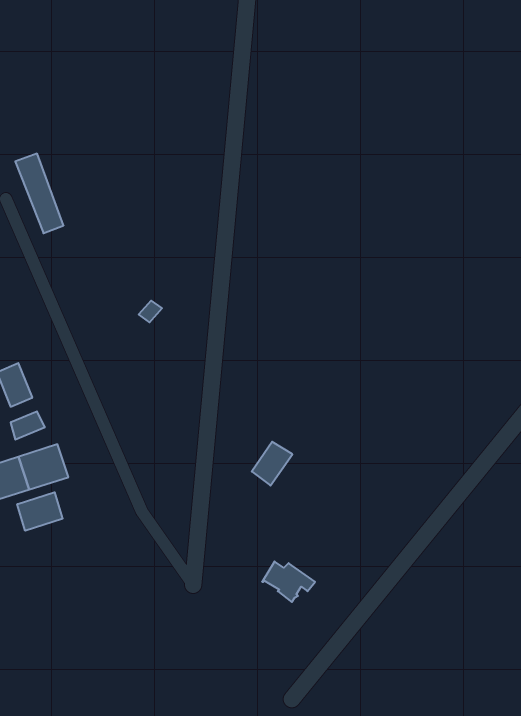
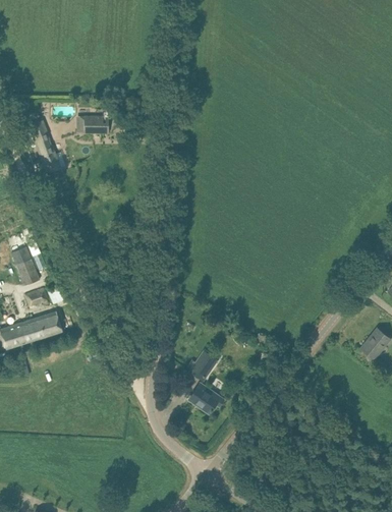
building: none -> [85,111,109,133]
building: [252,442,292,486] -> [190,352,217,381]
building: [17,492,63,531] -> none

